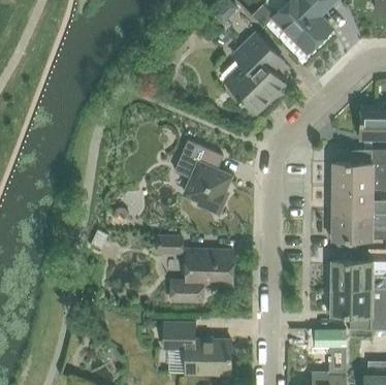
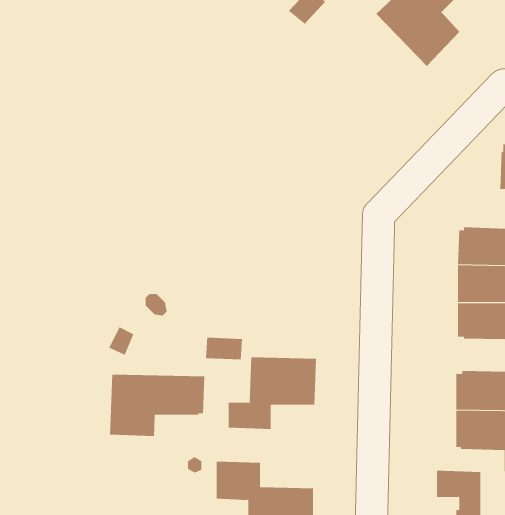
building: [233,33,285,114] -> none
building: [173,140,230,214] -> none
building: none -> [109,374,205,437]

